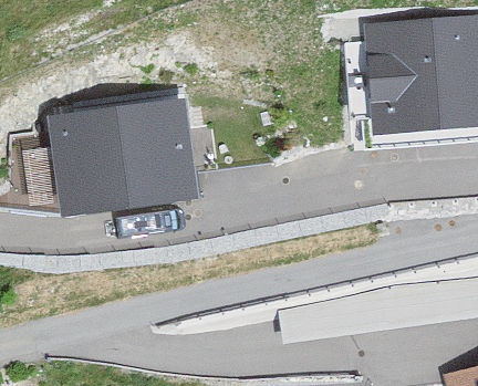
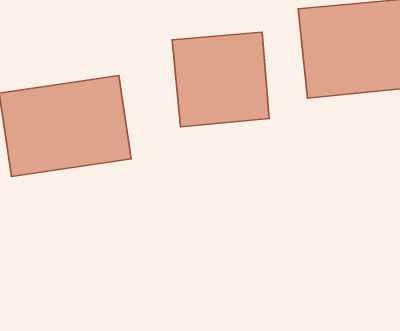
building: none -> [172,32,269,127]

